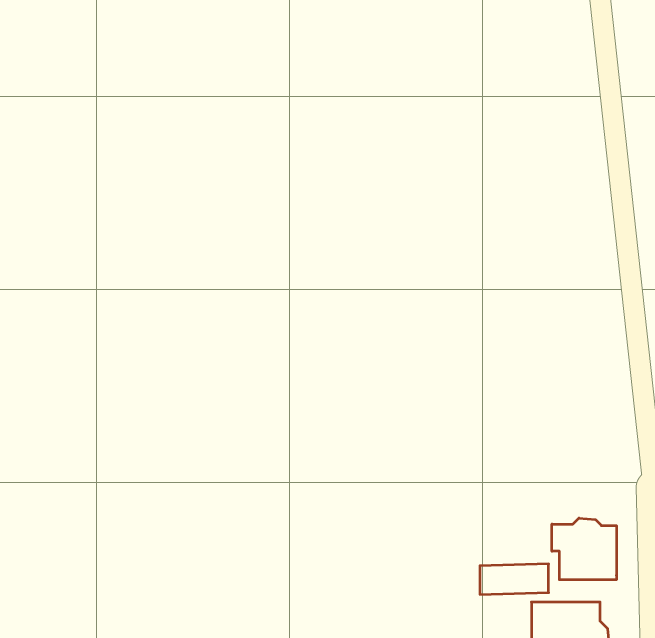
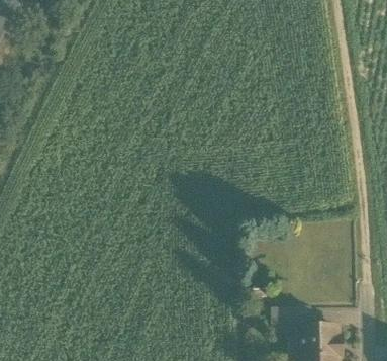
building: [552,518,616,580] -> none

